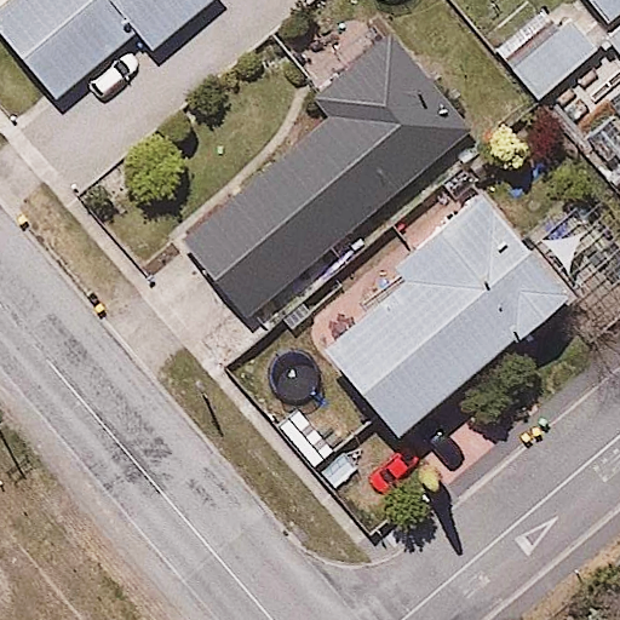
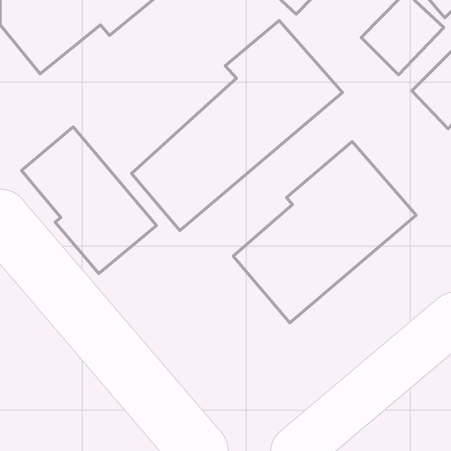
building: none -> [22,127,157,273]

